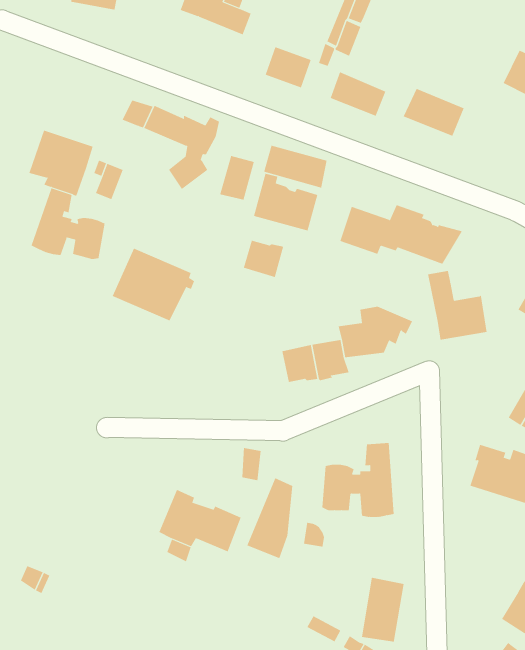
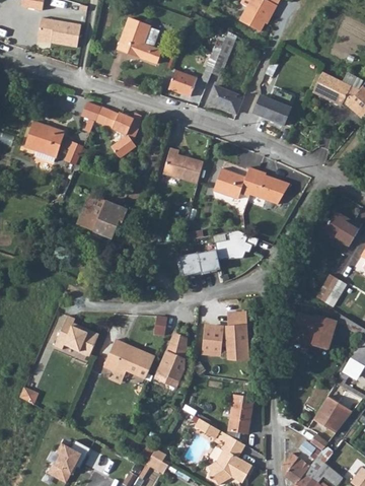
building: [264,145,327,189] -> none
building: [220,155,255,200] -> none
building: [31,187,105,260] -> none
building: [243,240,284,278] -> none
building: [428,270,487,340] -> none
building: none -> [54,316,98,356]

